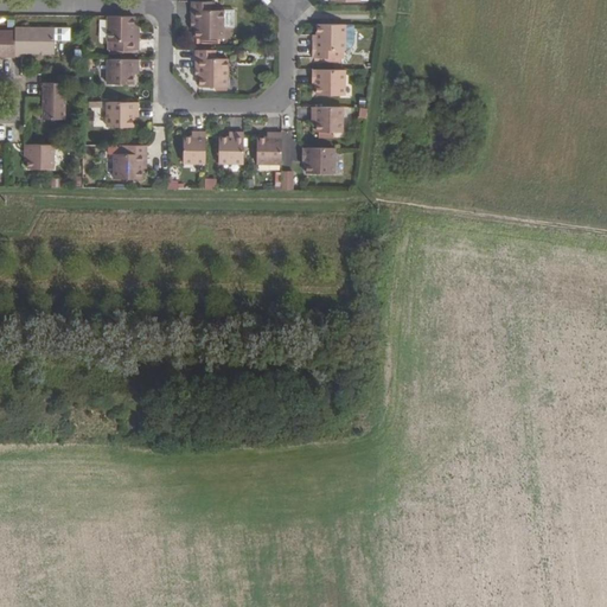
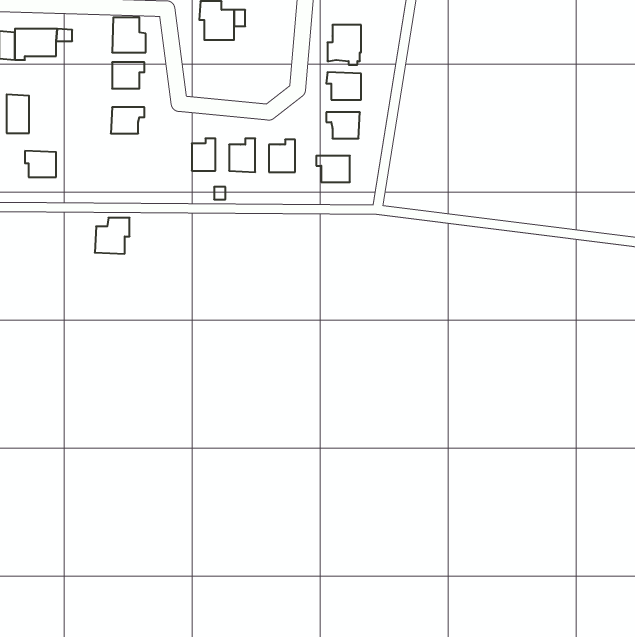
building: [194,50,226,87] -> none
building: [43,82,64,119] -> [7,94,29,133]
building: [113,145,146,179] -> [95,218,130,254]

